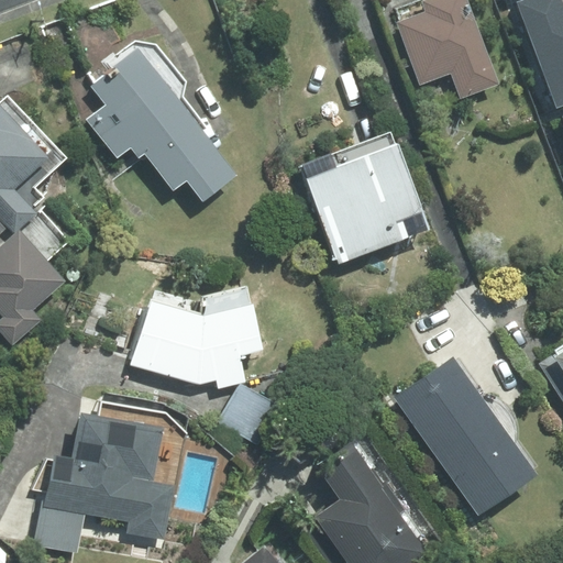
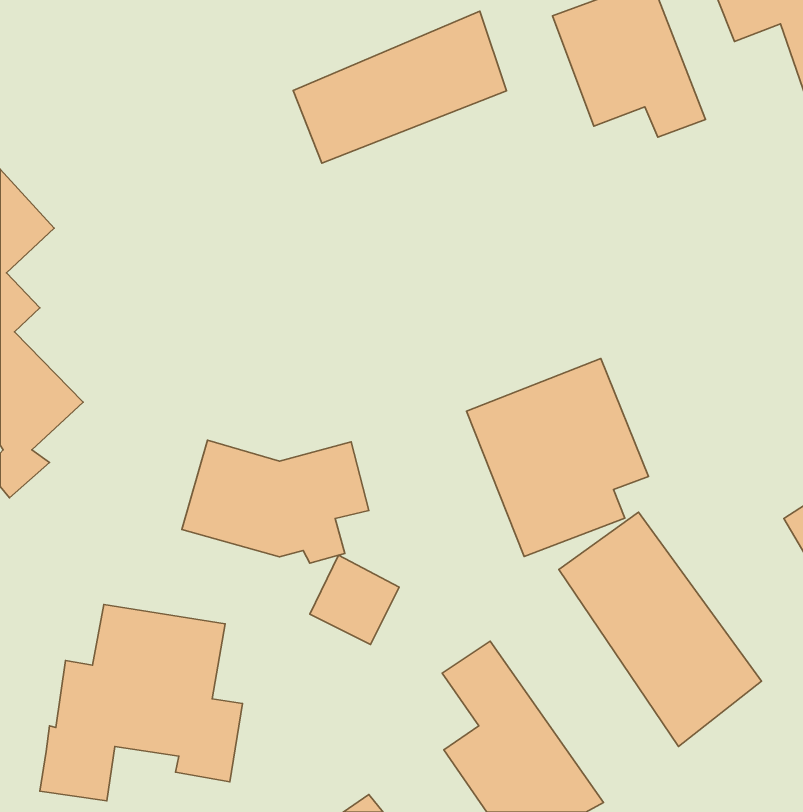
building: none -> [293,11,507,163]
building: [89,49,235,209] -> none
building: [295,129,420,265] -> [467,359,649,556]

